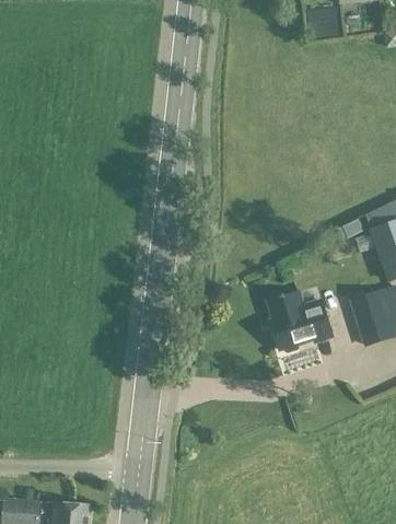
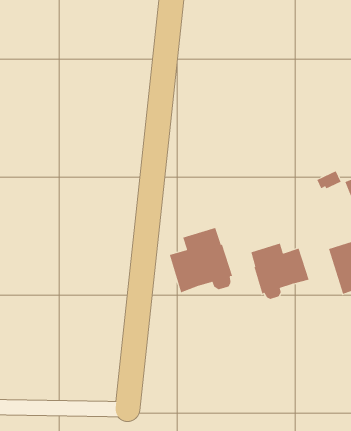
building: none -> [169,227,233,293]

